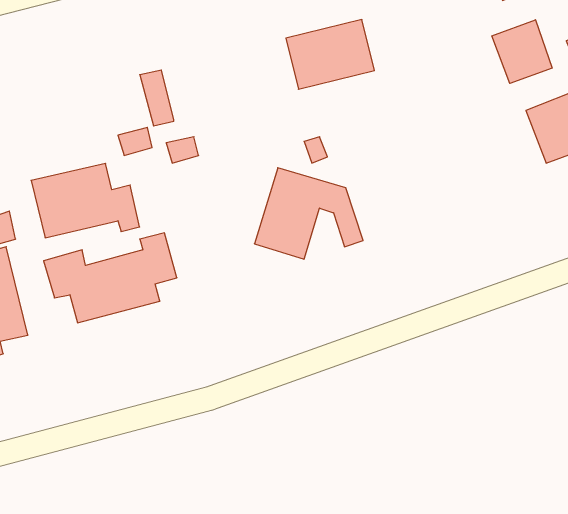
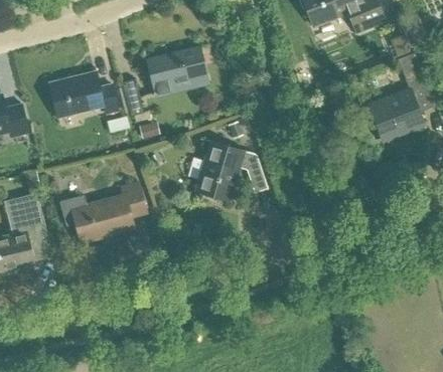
building: [286,20,374,89] -> [147,48,204,94]
building: [492,20,552,83] -> none
building: [31,163,140,238] -> [48,69,119,118]

